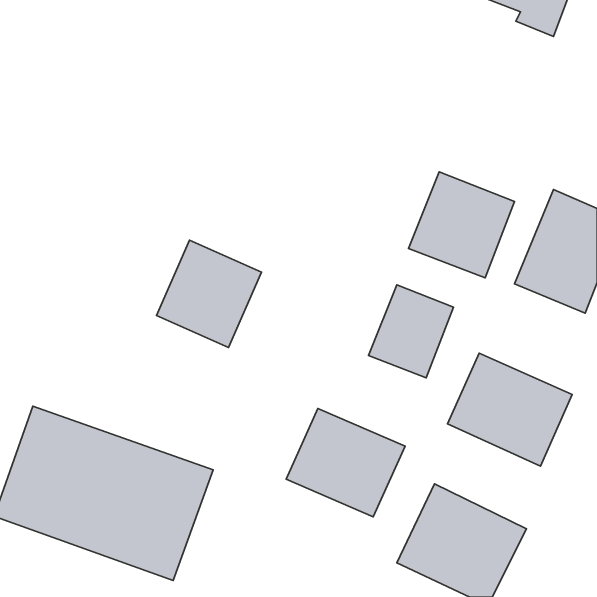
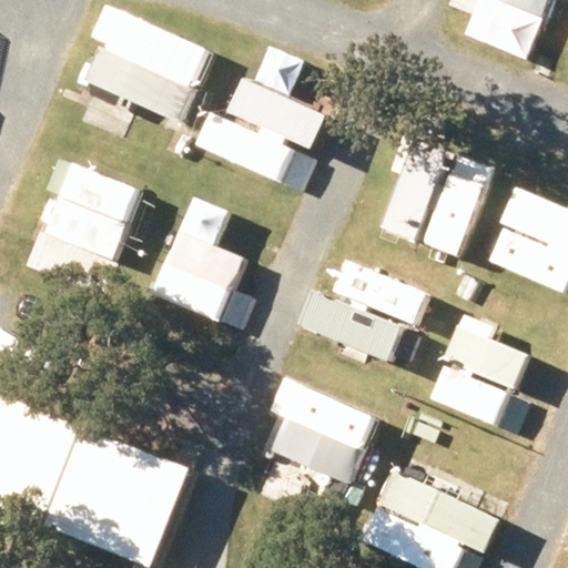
building: none -> [85,10,212,126]
building: none -> [193,79,307,186]
building: none -> [21,155,140,262]

